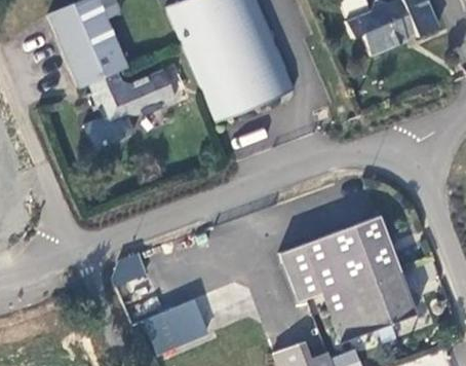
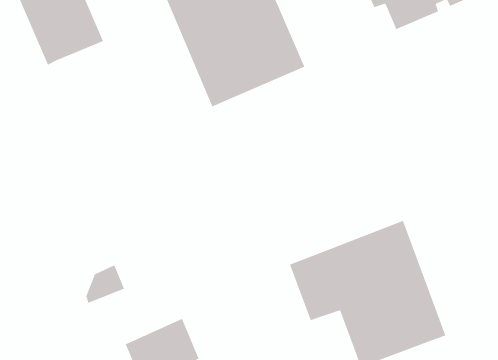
building: [84,68,177,149] -> none

